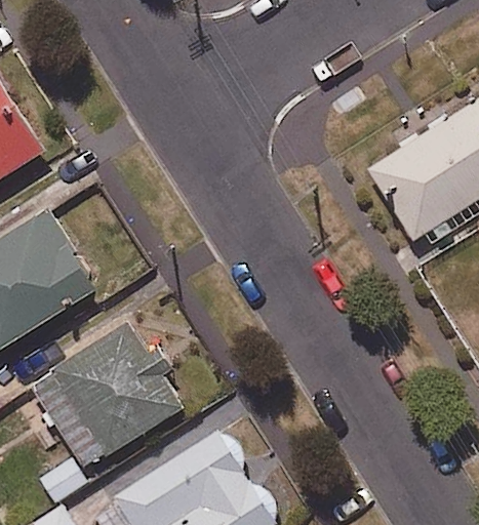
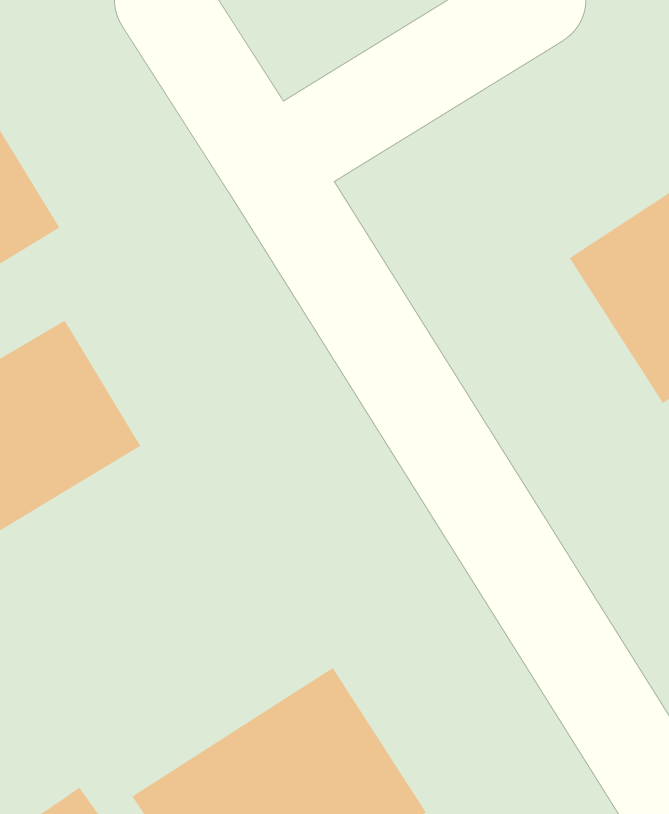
building: [31,322,184,470] -> none

